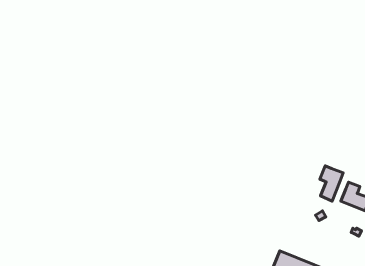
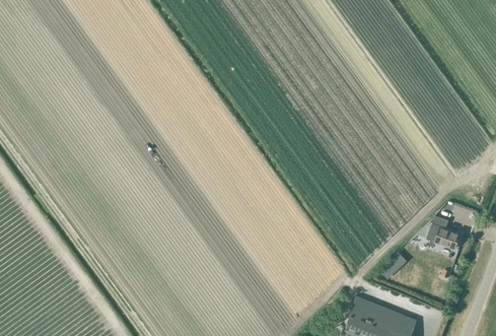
building: [320,166,343,201] -> none

